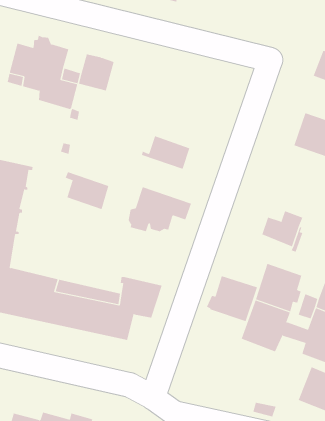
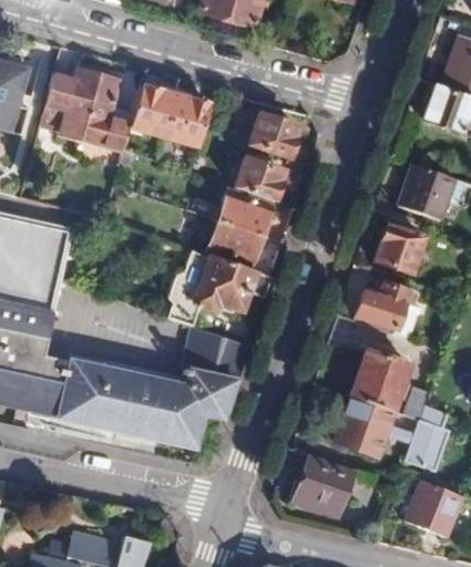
building: none -> [166,100,207,145]
building: none -> [249,116,296,159]
building: none -> [236,162,281,200]
building: none -> [369,215,424,274]
building: [65,172,109,210] -> [206,216,262,264]
building: none -> [187,327,248,378]
building: [206,276,258,322] -> [288,458,352,516]

